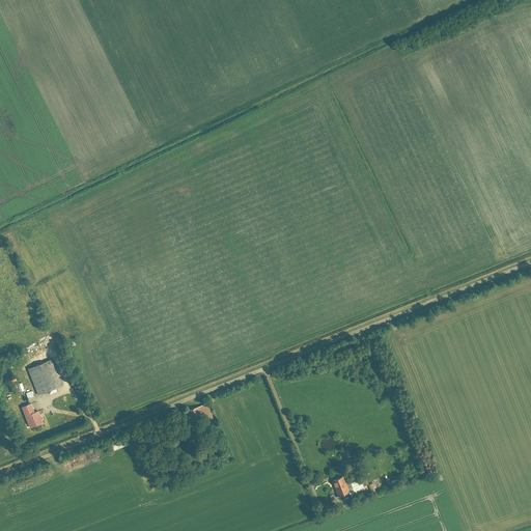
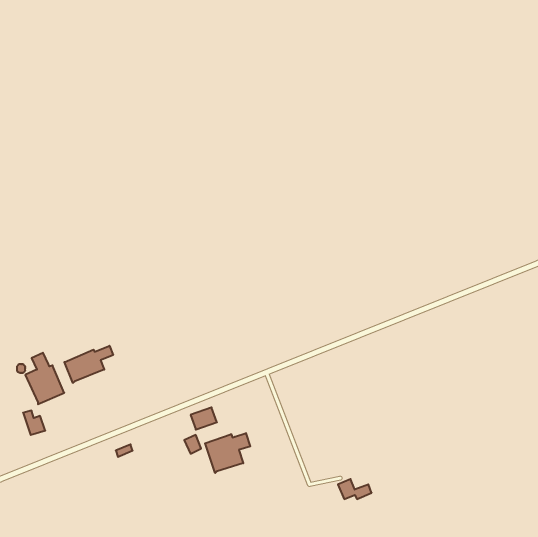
building: none -> [64,346,113,383]
building: none -> [205,433,250,473]

